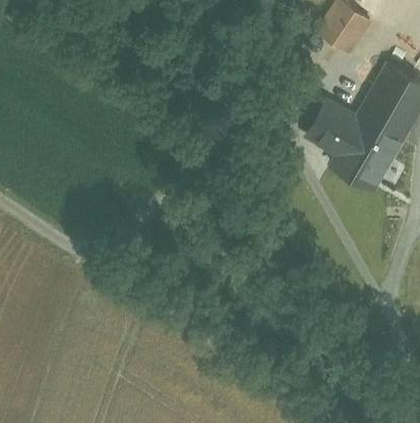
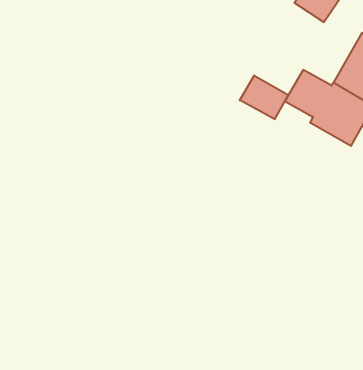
building: none -> [240,75,288,119]

